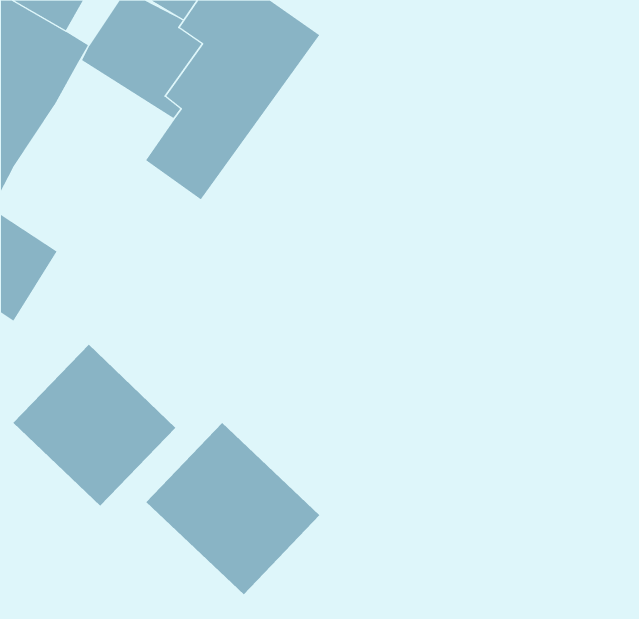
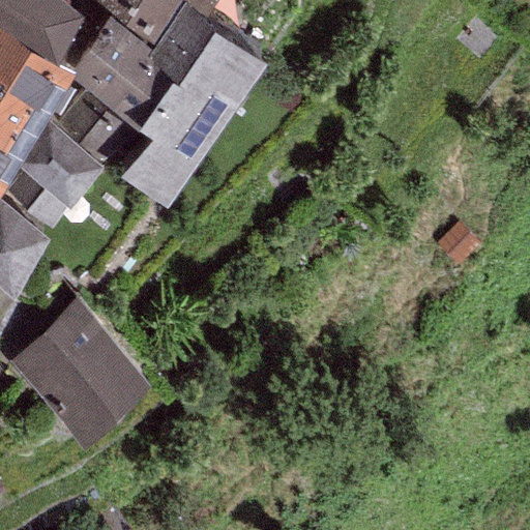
building: none -> [6,87,136,217]
building: [146,422,320,595] -> none

